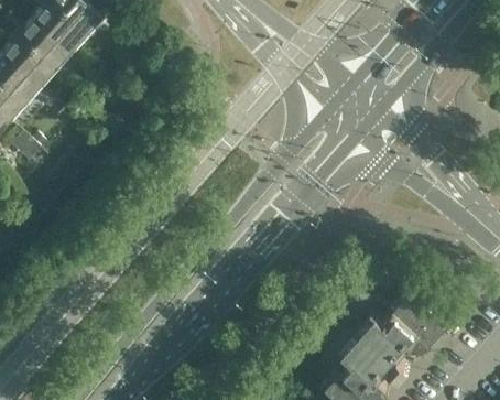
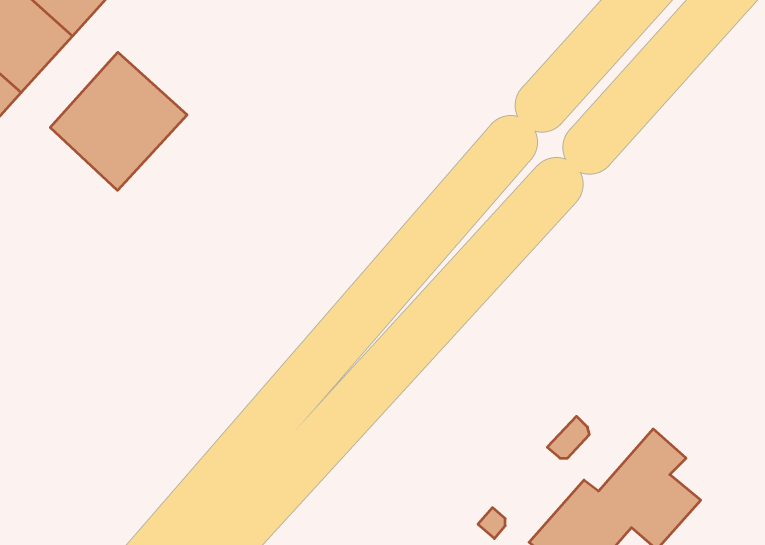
building: none -> [50,52,187,190]

